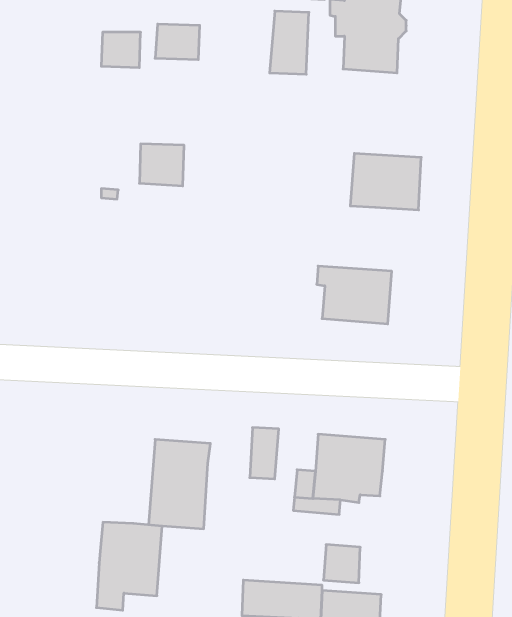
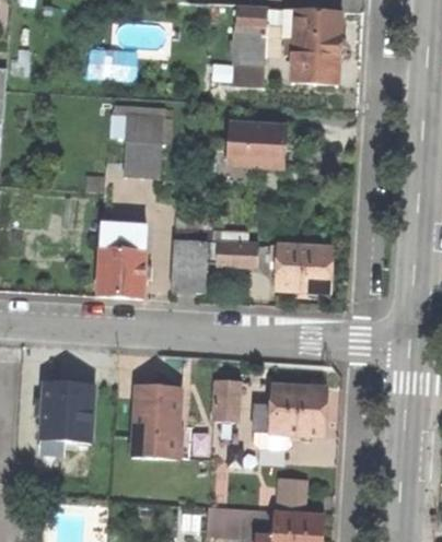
building: [155,24,200,60] -> [125,113,162,142]
building: [350,153,421,210] -> [228,123,287,170]
building: none -> [100,220,153,295]
building: none -> [171,227,259,290]
building: [96,522,162,610] -> [40,384,95,457]

